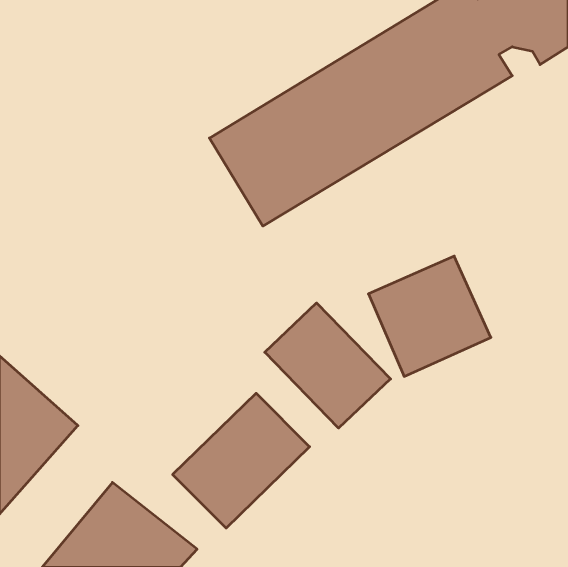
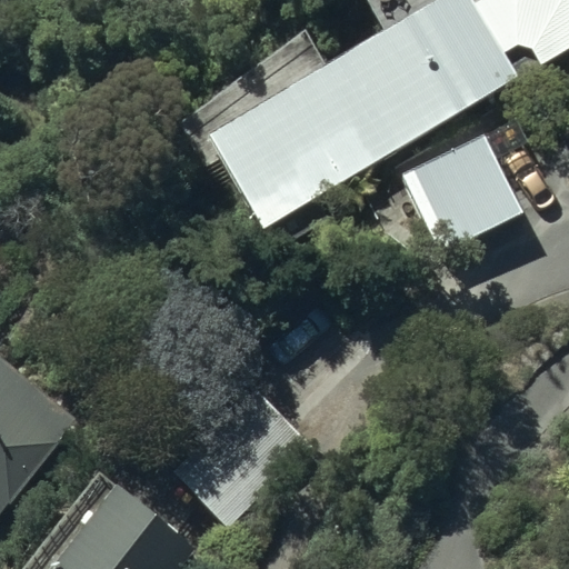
building: [368,256,491,376] -> [400,128,522,248]
building: [265,303,391,428] -> none

